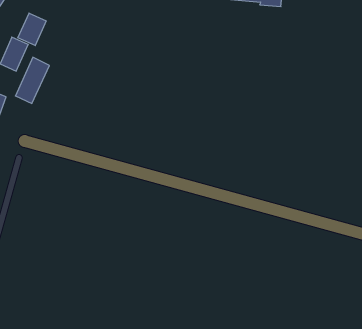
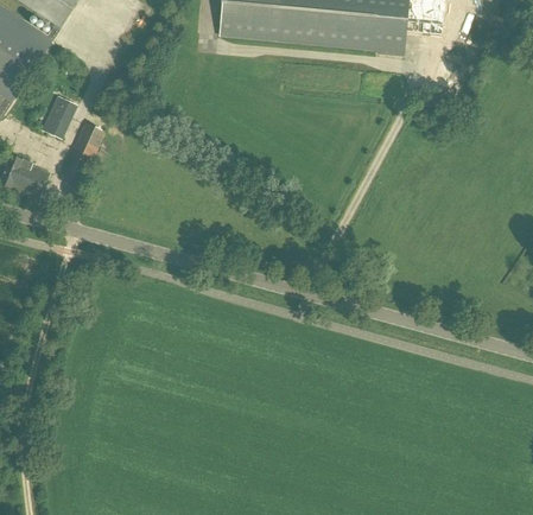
building: [18,13,46,46] -> none

